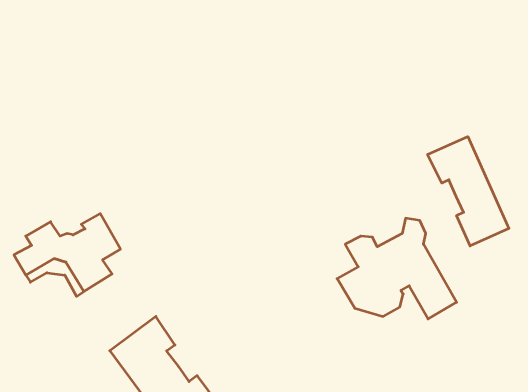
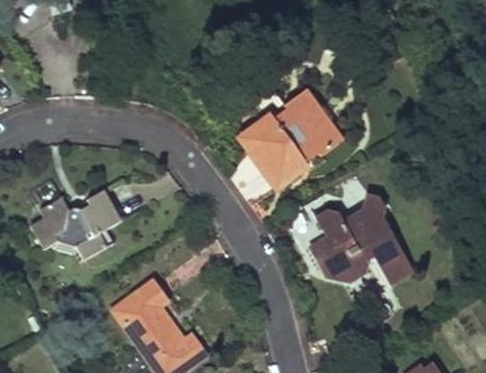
building: none -> [242,87,340,188]
building: [428,137,509,246] -> none

